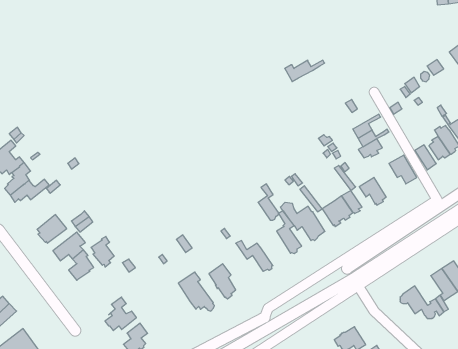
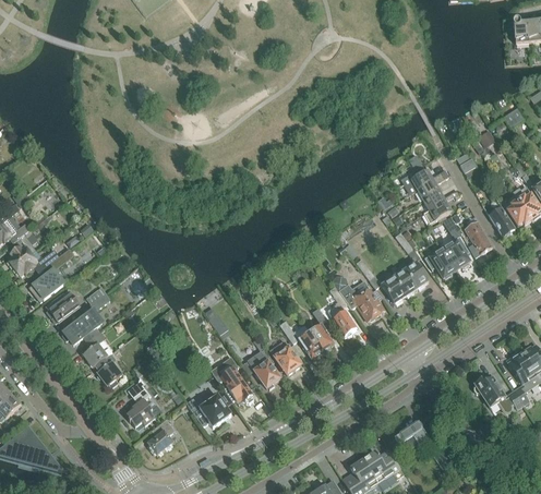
building: [285,60,325,82] -> [400,169,447,194]
building: none -> [442,236,470,269]
building: [258,184,278,220] -> [309,308,333,350]
building: none -> [29,268,65,302]
building: [91,236,114,267] -> [95,352,122,388]
building: none -> [270,341,301,374]
building: none -> [187,390,232,426]

